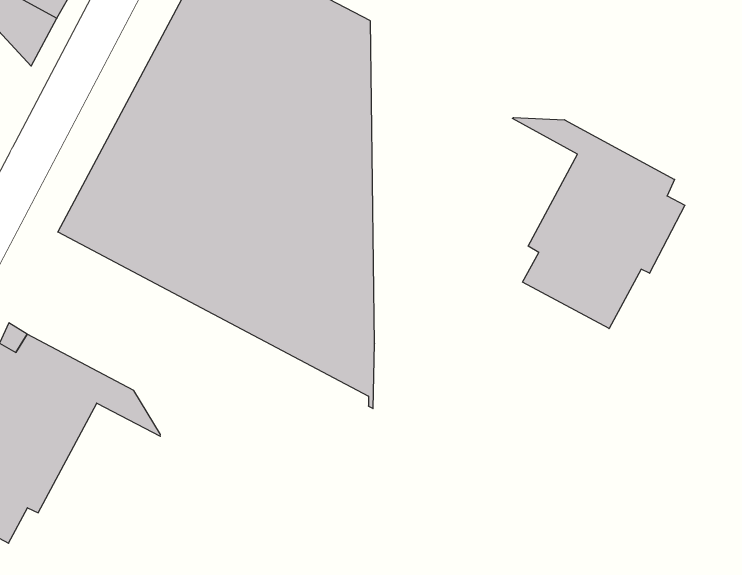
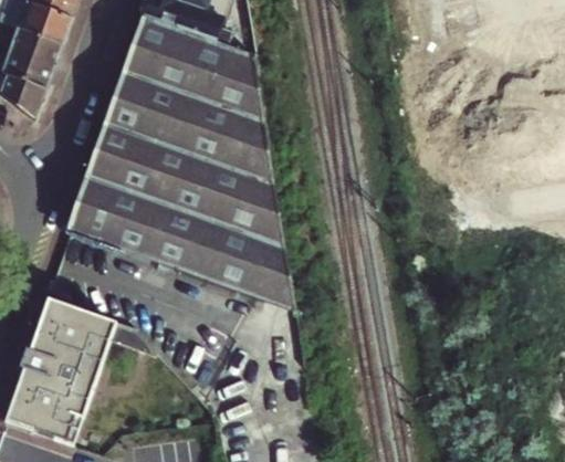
building: [512,118,685,329] -> none

